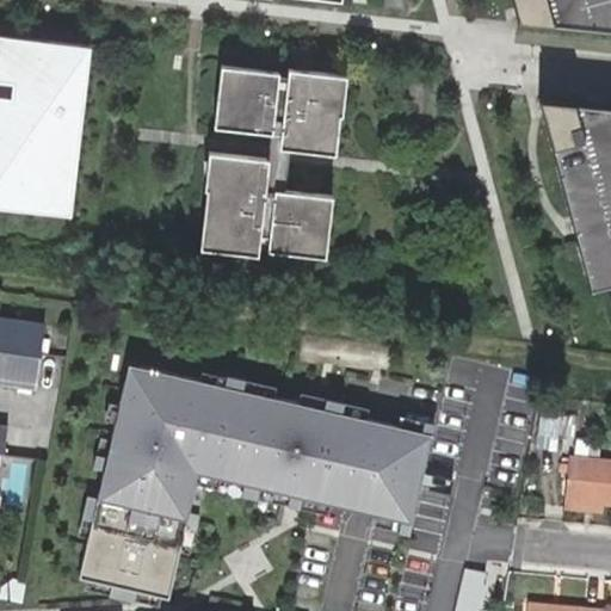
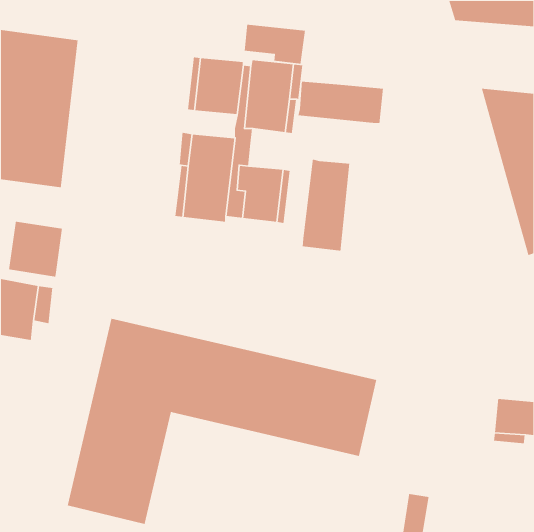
building: none -> [244,24,306,65]
building: none -> [298,81,384,124]
building: none -> [302,159,350,251]
building: none -> [8,221,63,277]

